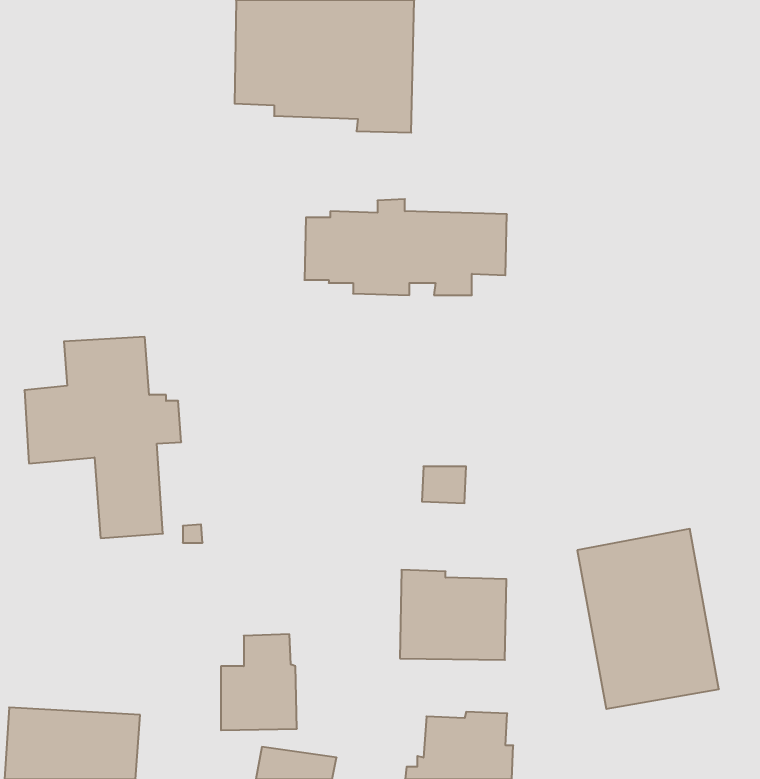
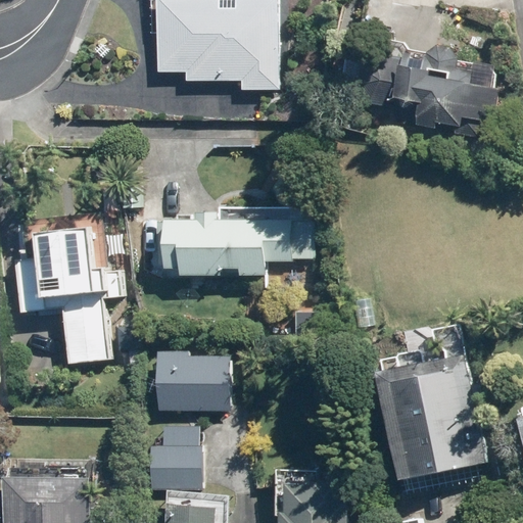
building: none -> [350,47,496,140]
building: [304,199,507,295] -> [153,209,289,274]
building: [400,570,506,660] -> [157,350,229,411]

